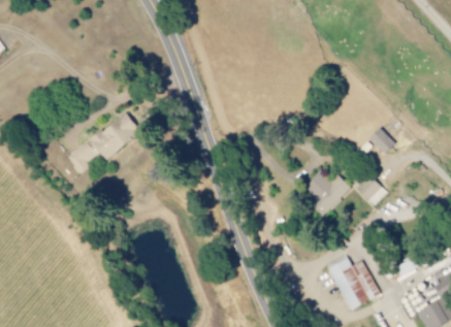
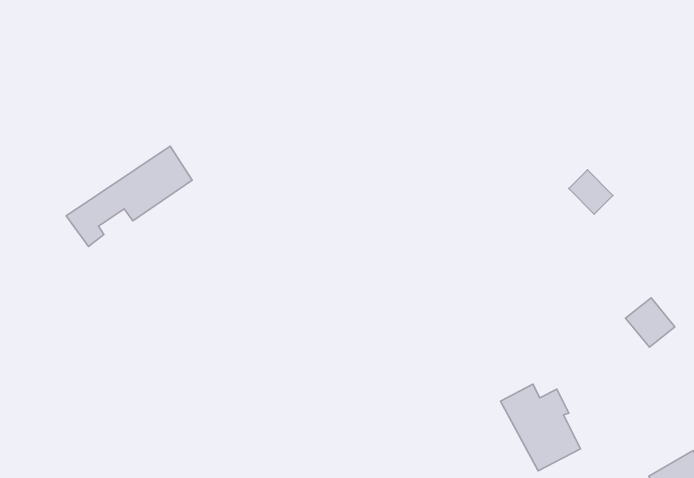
building: [303,171,351,210] -> none
building: [357,174,387,204] -> [626,298,675,347]

